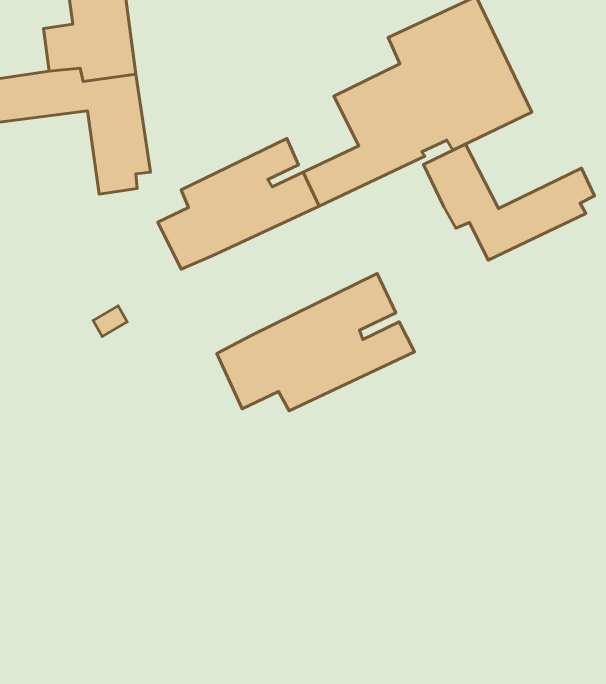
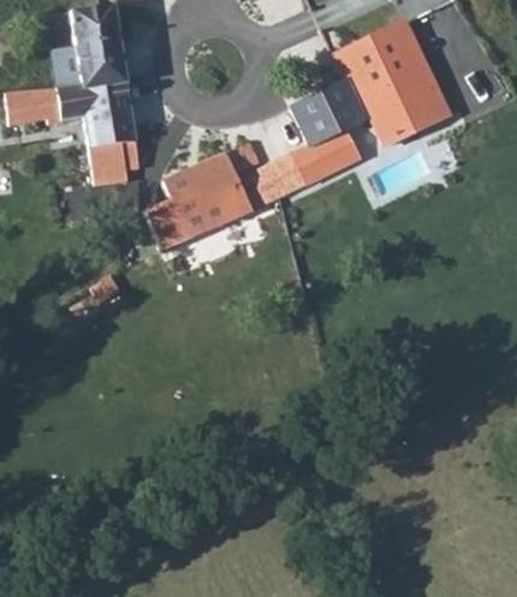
building: [424,144,594,260] -> none
building: [217,274,415,411] -> none

